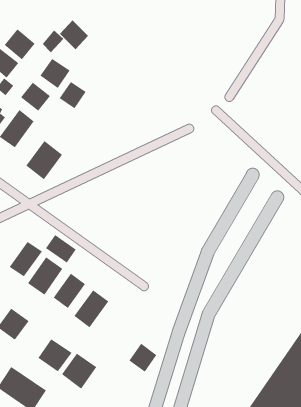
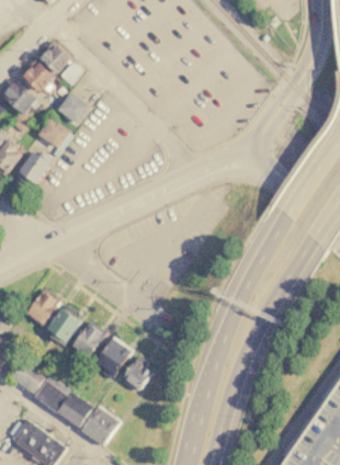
building: [59,19,89,50] -> [38,41,70,73]
building: [59,81,86,109] -> none
building: [25,140,63,180] -> none
building: [45,234,77,264] -> none
building: none -> [33,374,69,410]
building: [129,343,157,373] -> [122,359,152,390]

